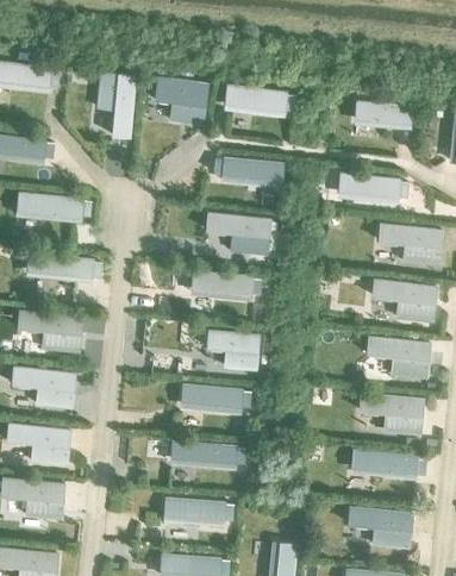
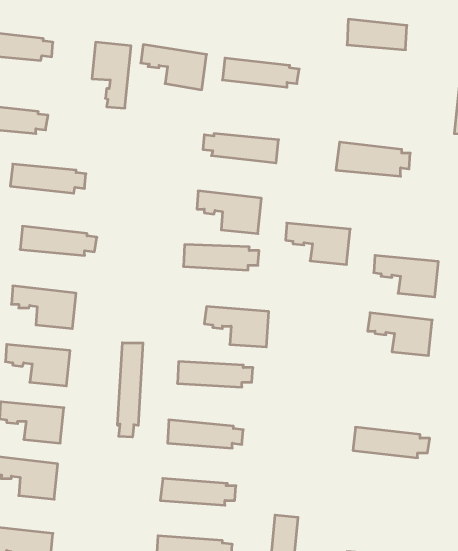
building: [352,96,411,126] -> [347,19,407,50]
building: [377,224,441,264] -> [286,223,350,264]
building: none -> [118,343,143,437]
building: [358,393,421,434] -> none
building: [348,506,413,546] -> none

